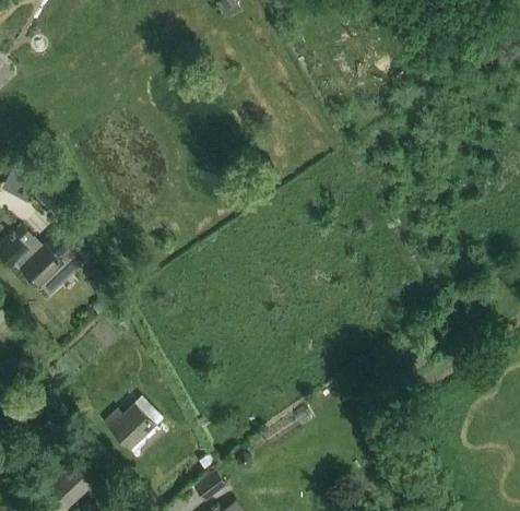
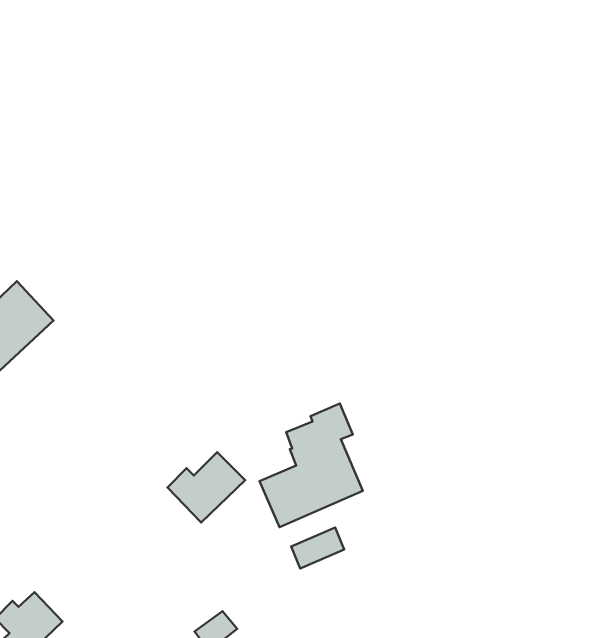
building: none -> [260,403,363,527]
building: [105,397,163,450] -> [167,452,245,523]

